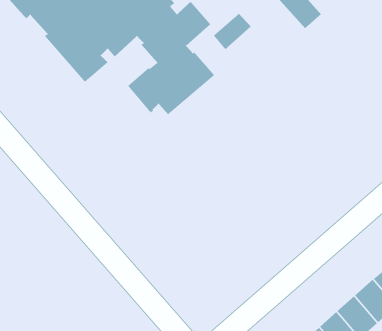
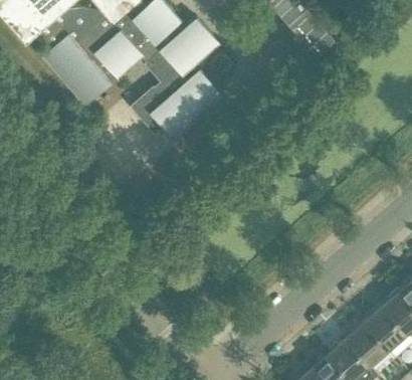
building: [213,13,252,50] -> none

